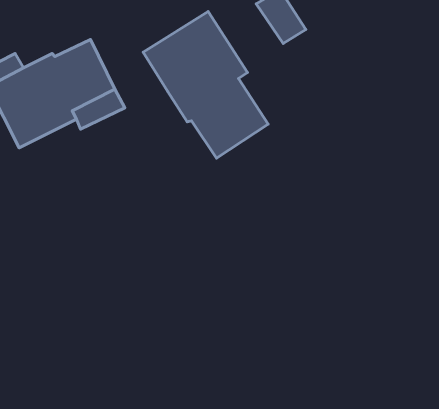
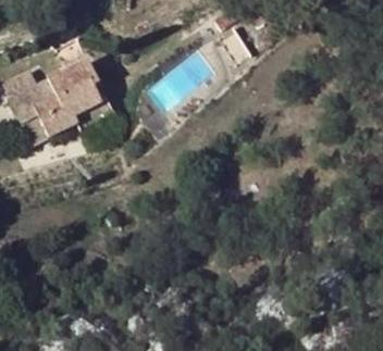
building: [143,11,268,158] -> none

